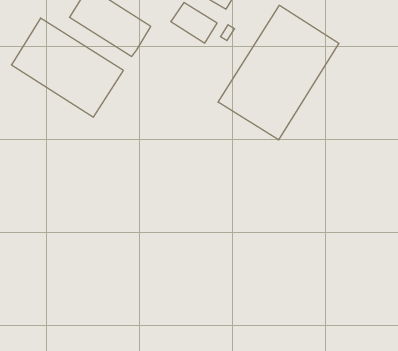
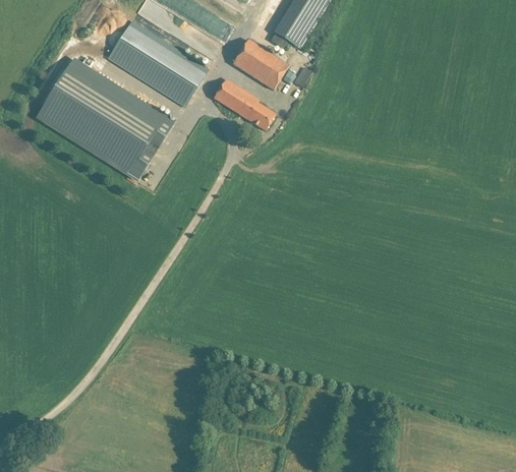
building: [218,5,339,140] -> none
building: none -> [214,78,276,130]

